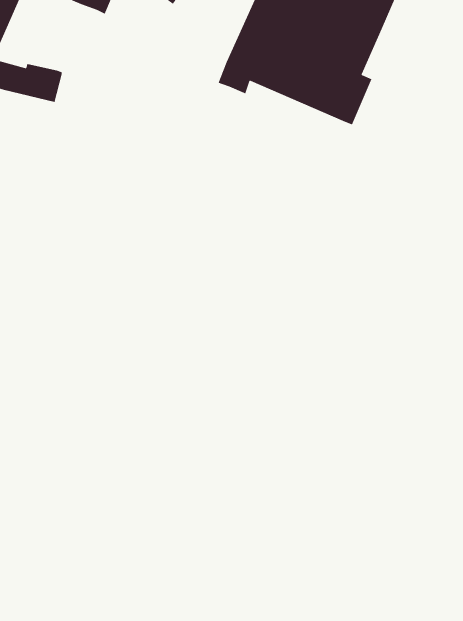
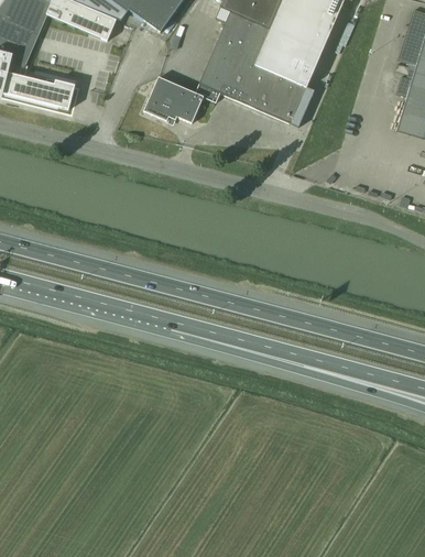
building: none -> [144,76,204,122]

